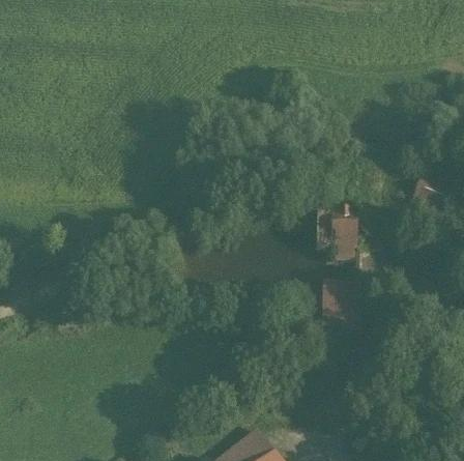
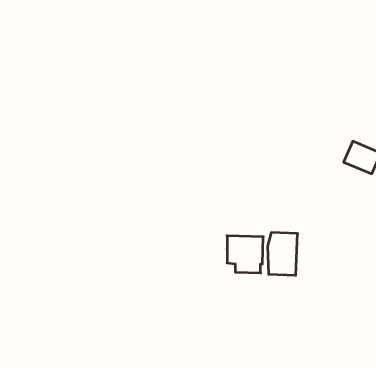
building: [316,212,357,255] -> [227,236,263,273]

